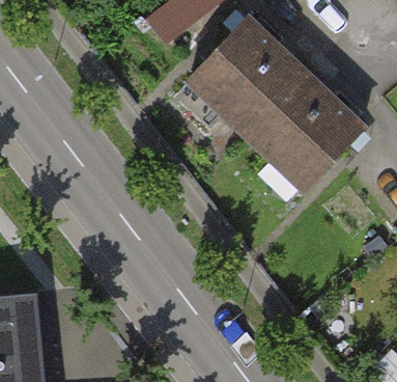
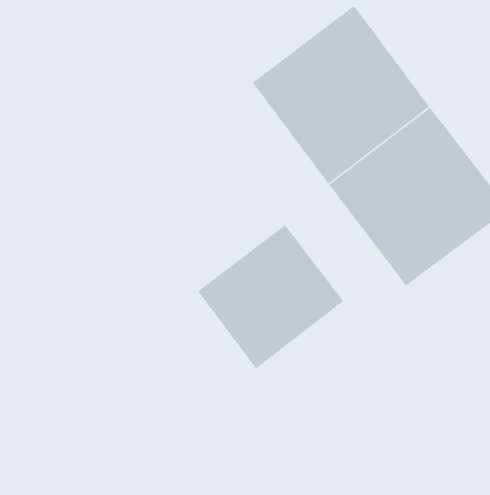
building: none -> [197,224,344,370]

